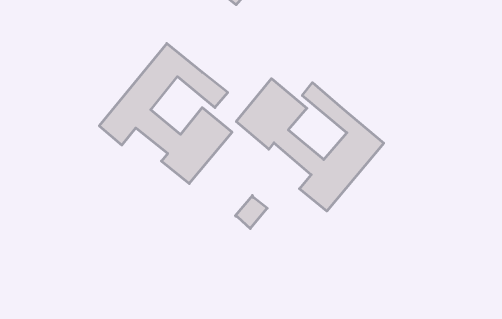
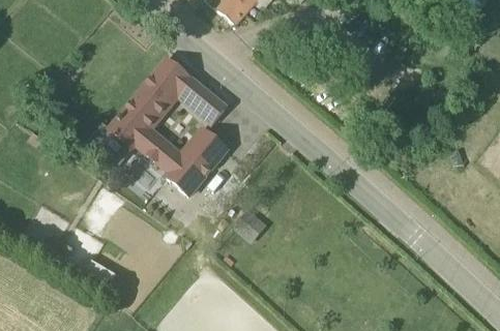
building: [236,79,384,211] -> none

